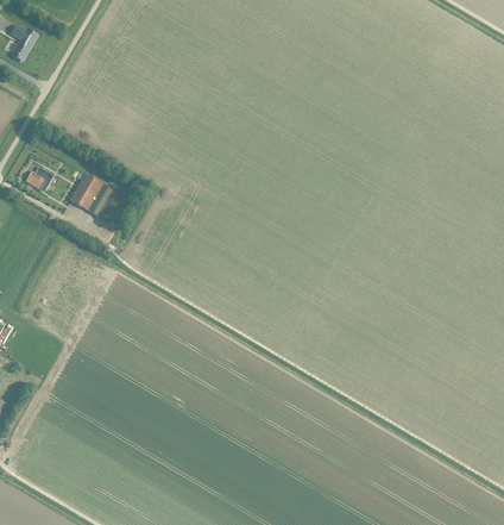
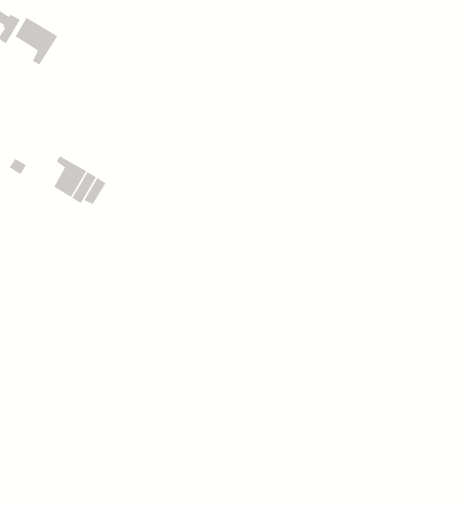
building: none -> [15,17,58,65]

